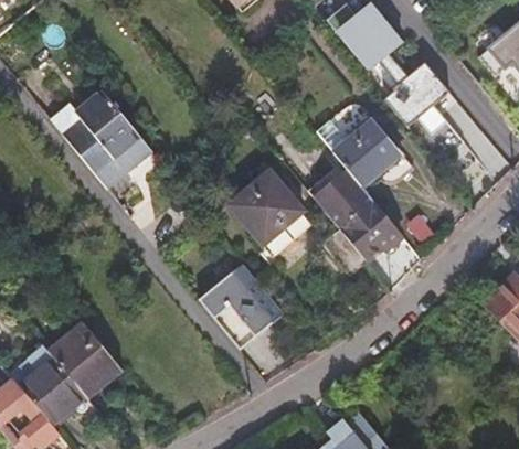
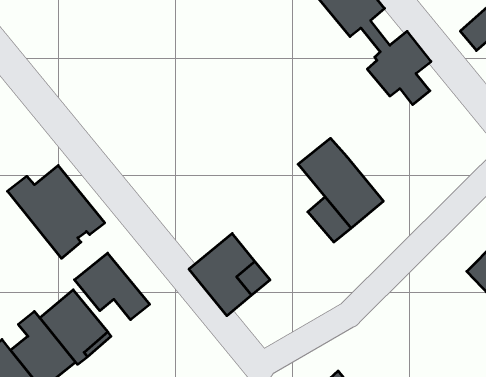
building: [50,90,149,185] -> [7,165,105,258]
building: [316,120,400,186] -> none
building: [229,171,310,253] -> none
building: none -> [74,253,150,320]

